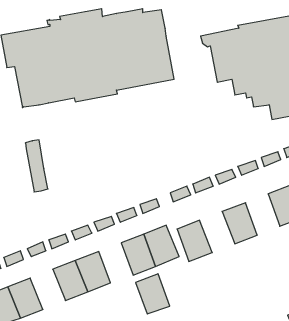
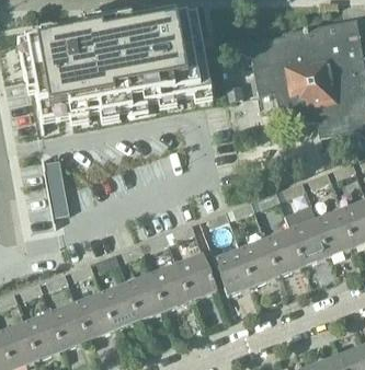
building: none -> [290,219,329,265]
building: none -> [239,239,278,285]
building: none -> [49,303,89,348]
building: [136,274,170,314] -> [126,274,164,319]

